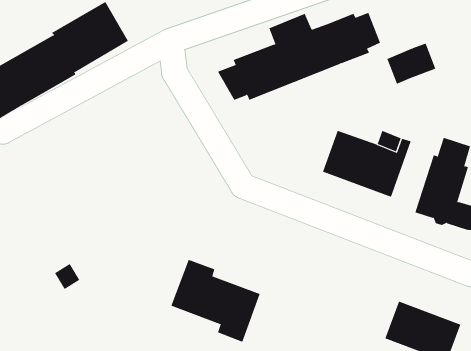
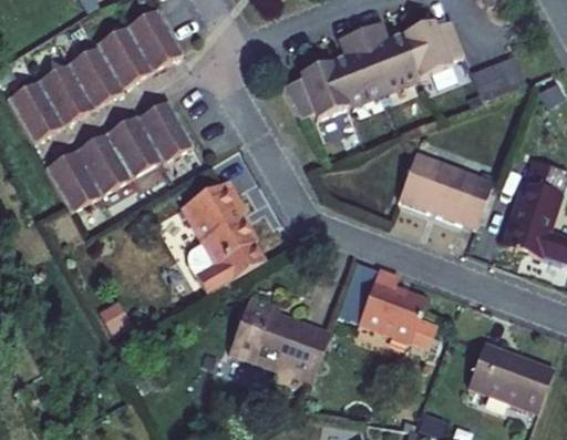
building: none -> [45,100,194,213]
building: none -> [182,180,265,294]
building: none -> [358,268,426,341]

